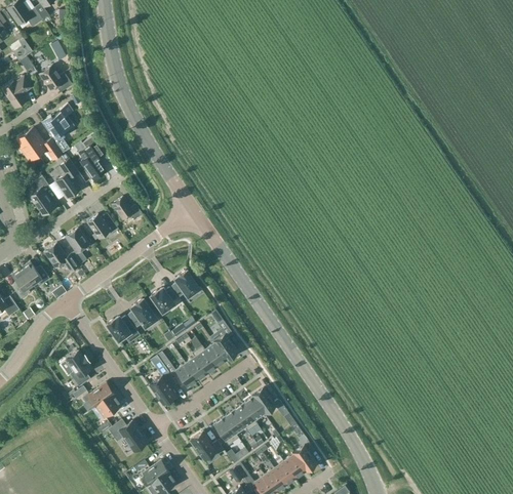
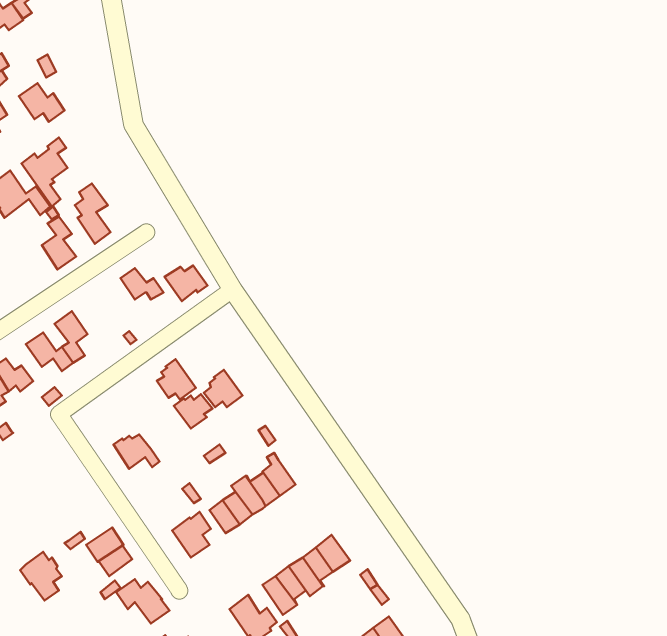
building: [30,176,54,216] -> none
building: [86,214,117,240] -> [165,265,208,301]
building: [128,299,156,328] -> [157,359,196,399]
building: [62,352,91,386] -> [20,552,62,600]

